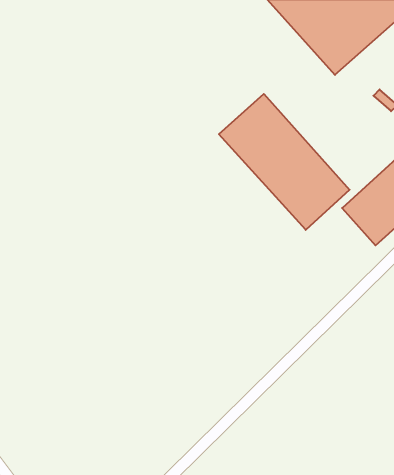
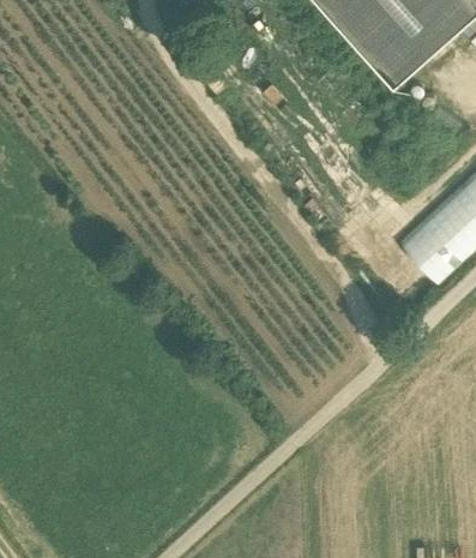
building: [219,94,350,230] -> none

